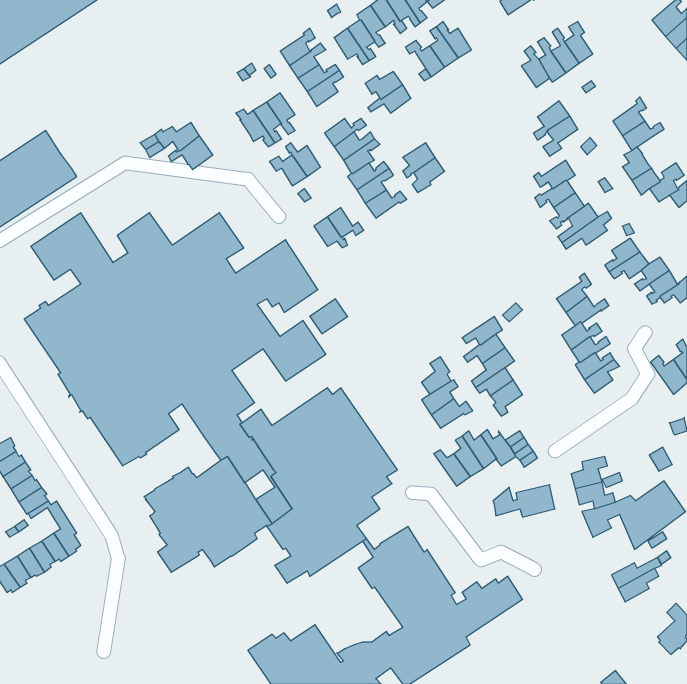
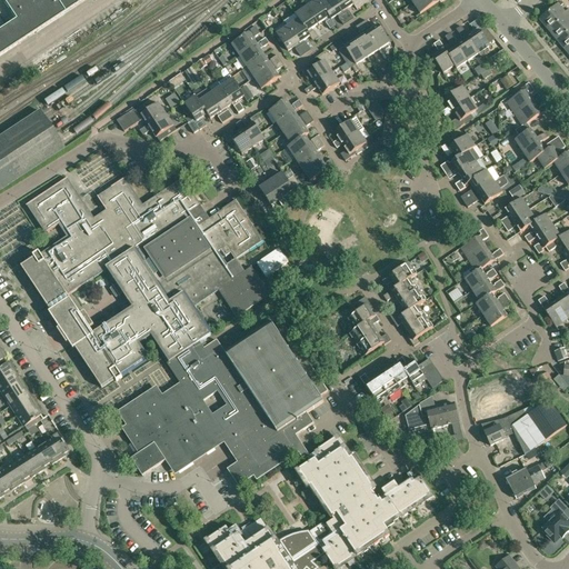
building: none -> [183,93,207,131]

